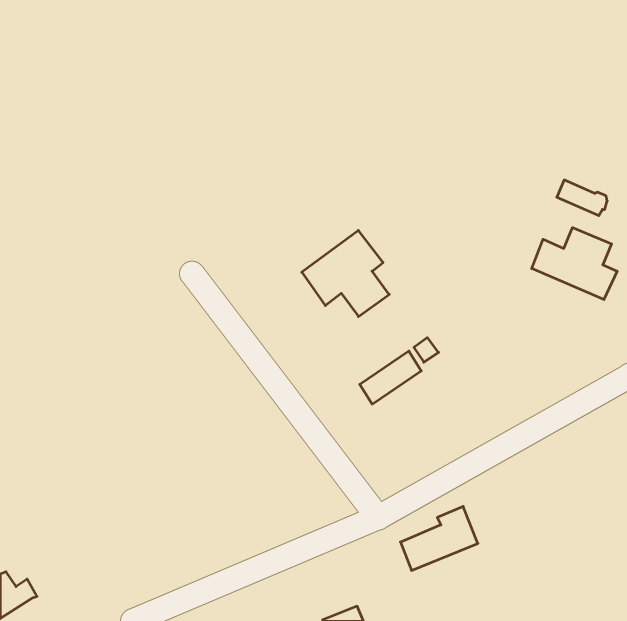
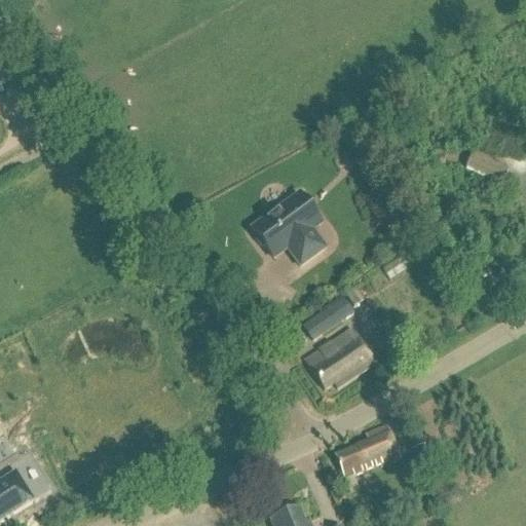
building: [532,228,617,300] -> none
building: none -> [305,326,376,387]

